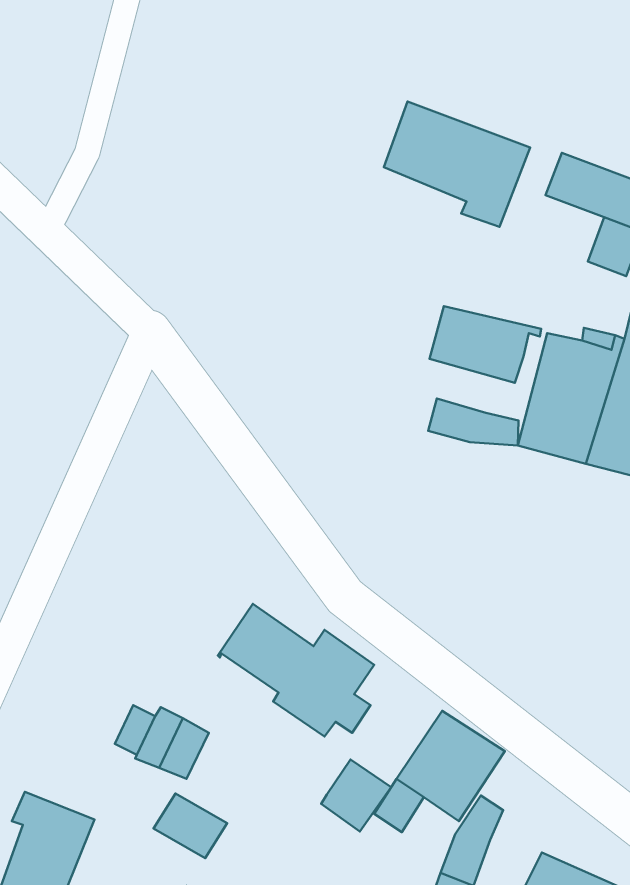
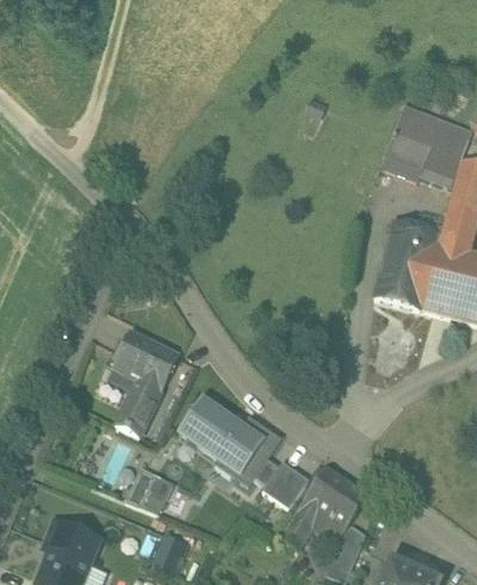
building: [384,101,530,227] -> none
building: none -> [381,133,431,180]
building: [430,306,541,383] -> none
building: [428,398,518,446] -> none
building: none -> [114,333,179,436]
building: [321,760,391,831] -> [264,460,309,507]

